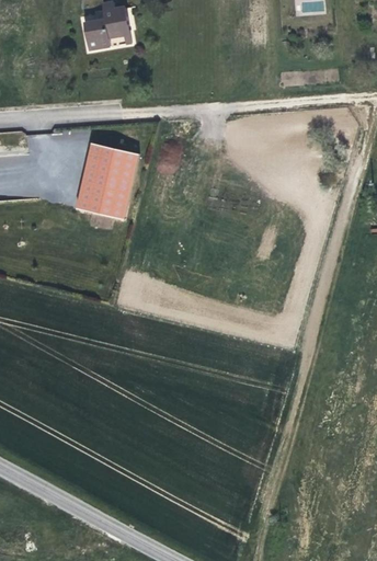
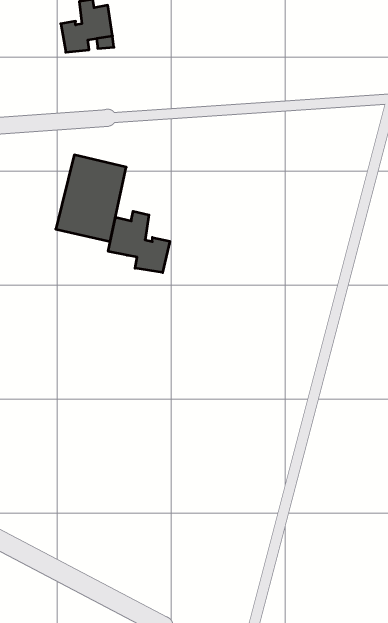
building: none -> [108,211,170,273]

